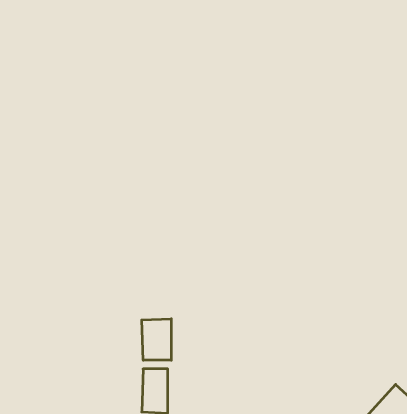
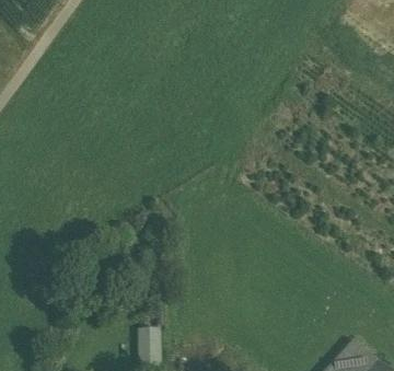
building: [142,319,171,360] -> none

